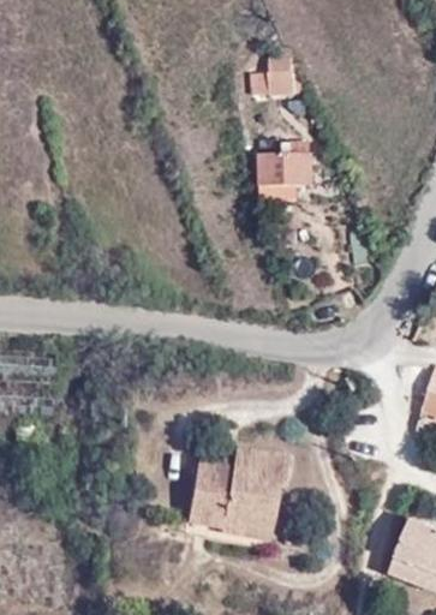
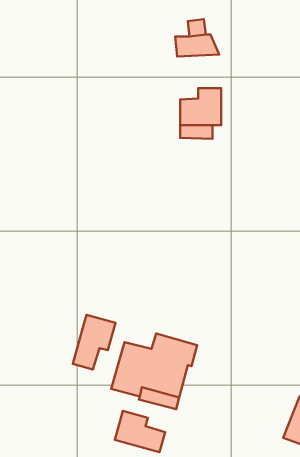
building: none -> [73,315,115,370]
building: none -> [115,411,165,452]

